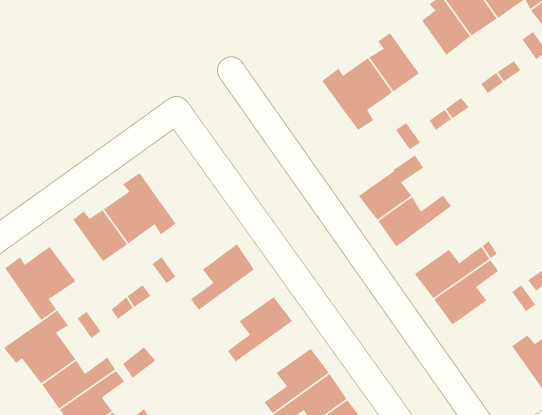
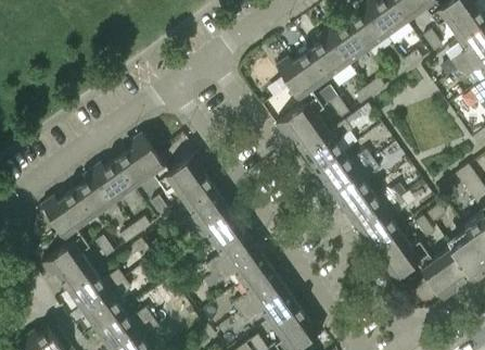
building: none -> [327,24,368,63]
building: none -> [276,98,329,153]
building: none -> [157,154,214,208]
building: none -> [331,161,379,211]
building: none -> [76,171,115,216]
building: none -> [186,208,241,248]
building: none -> [372,230,427,284]
building: none -> [204,246,268,291]

